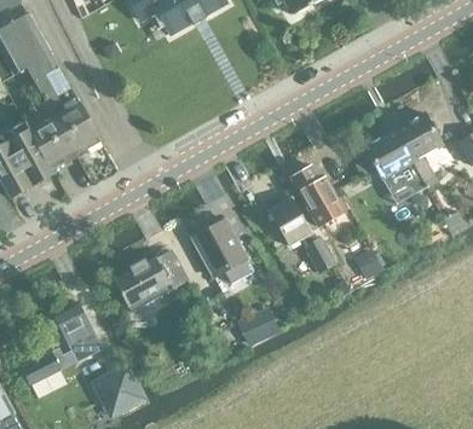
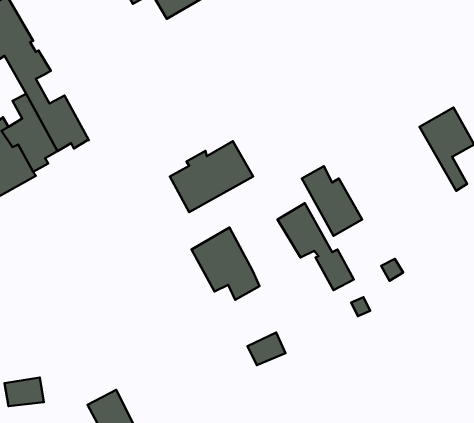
building: [364,129,427,195] -> none
building: [115,249,189,312] -> [170,141,253,212]
building: [52,300,103,361] -> none

